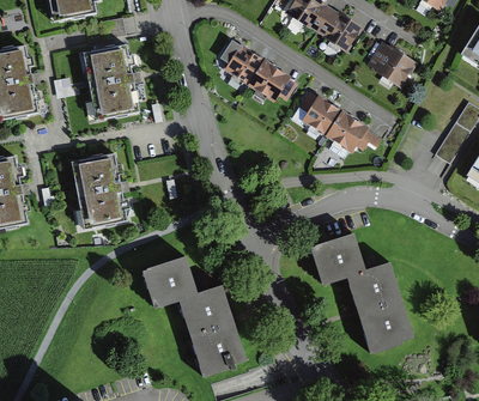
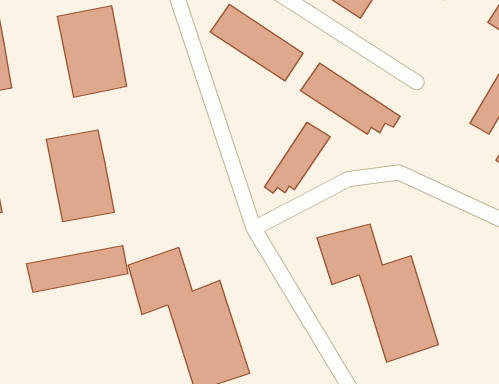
building: [365,42,417,89] -> none
building: none -> [264,122,330,193]
building: none -> [27,245,128,292]

